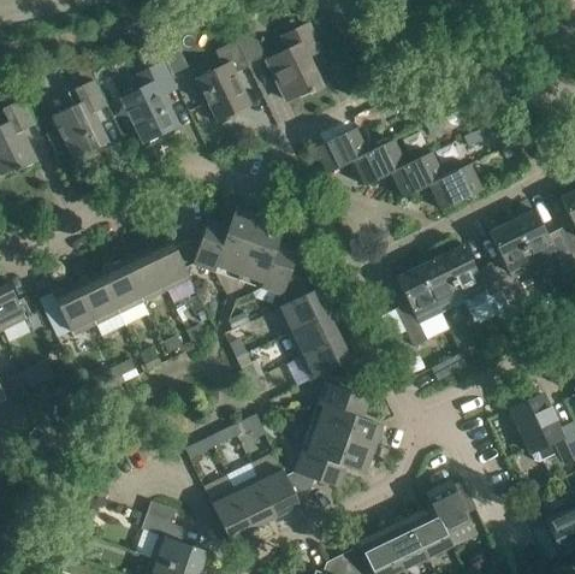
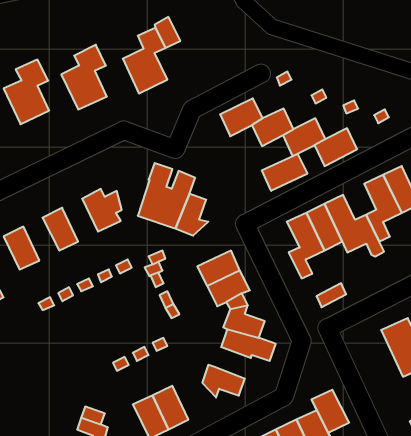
building: [268,24,322,100] -> none
building: none -> [262,154,307,191]
building: [190,219,230,270] -> none
building: [124,249,167,301] -> none
building: [77,272,120,324] -> none
building: [277,277,328,331] -> none
building: [308,428,373,473] -> none
building: [257,464,310,516] -> none

